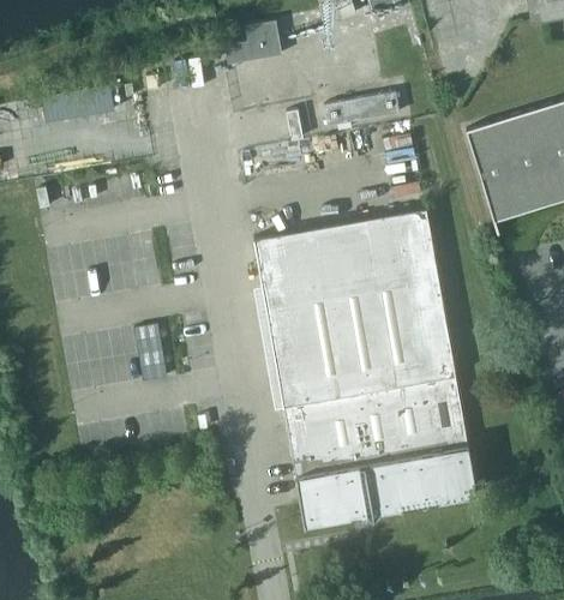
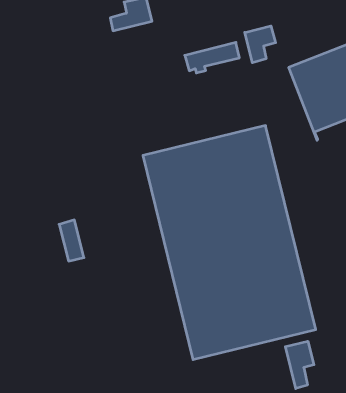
building: none -> [245,26,276,63]
building: none -> [285,341,314,389]

